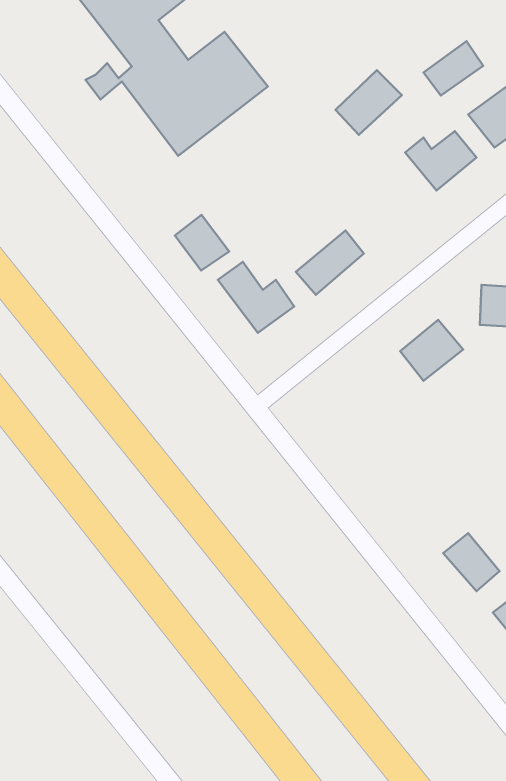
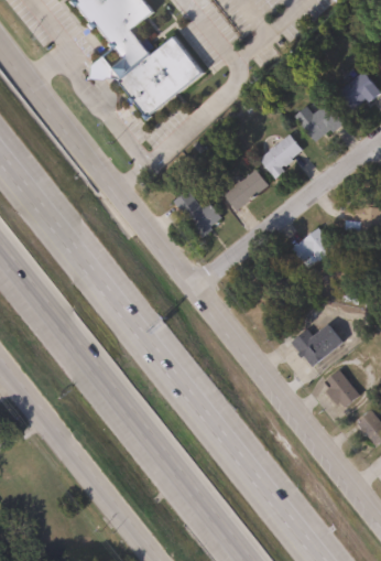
building: [424,41,483,96] -> none
building: [336,70,402,135] -> [261,133,305,176]
building: [175,215,229,270] -> none
building: none -> [291,323,344,367]

